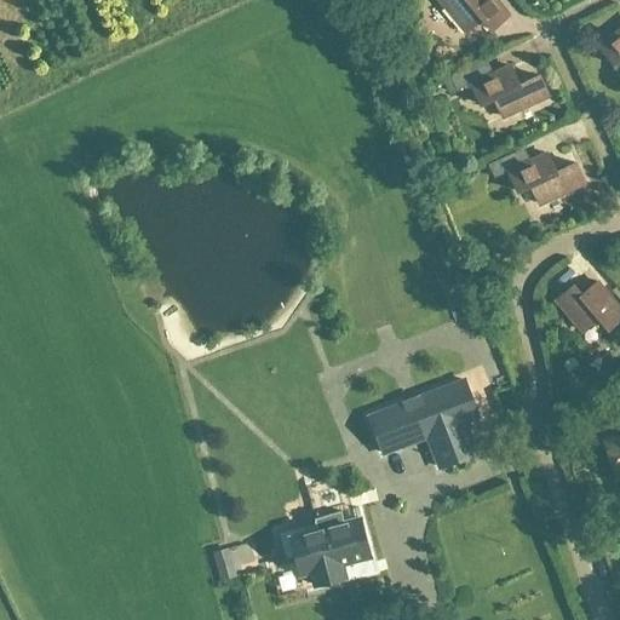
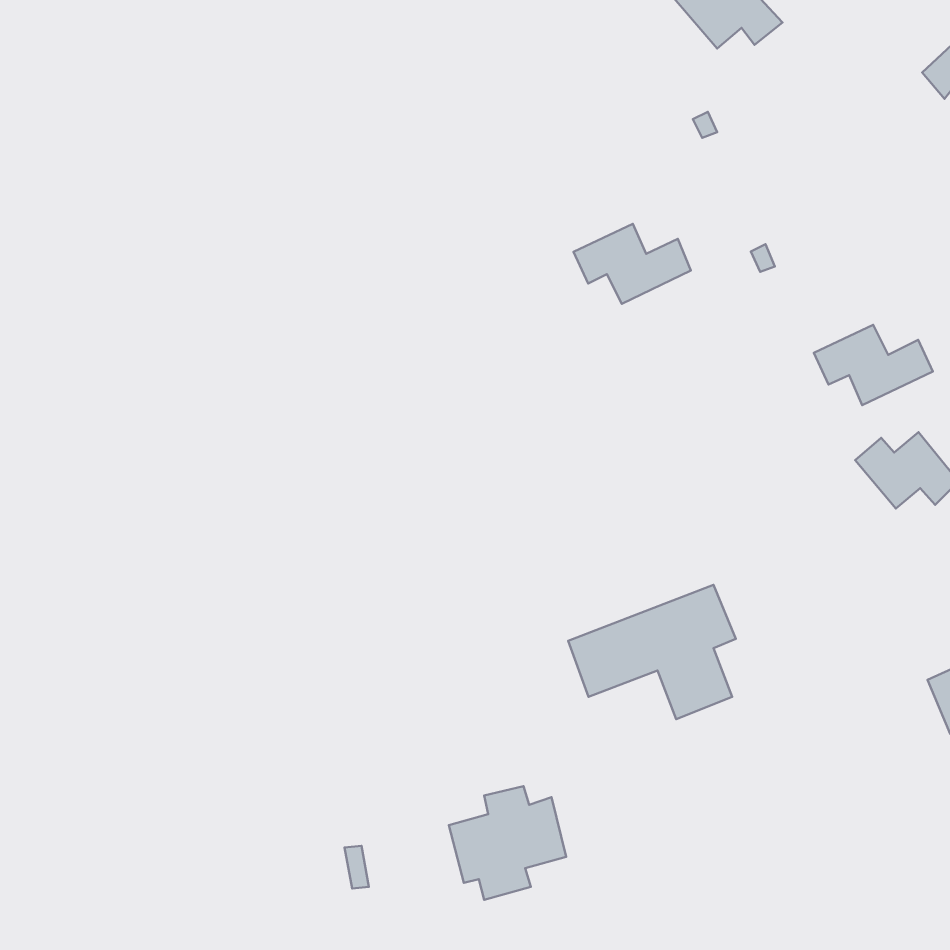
building: [472,65,549,117] -> [573,224,691,304]
building: [509,153,586,205] -> [814,325,933,405]

